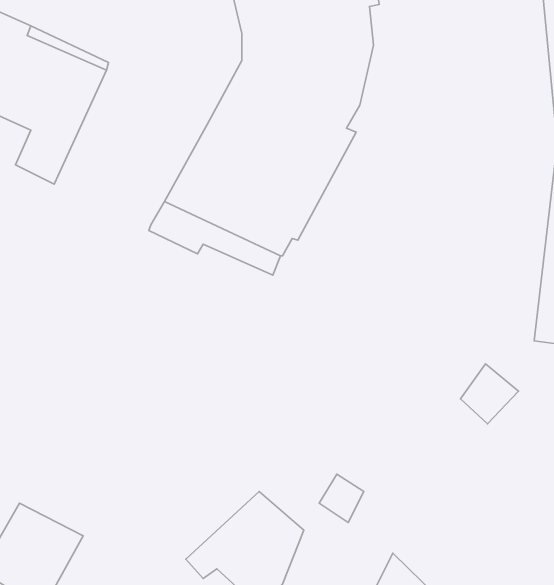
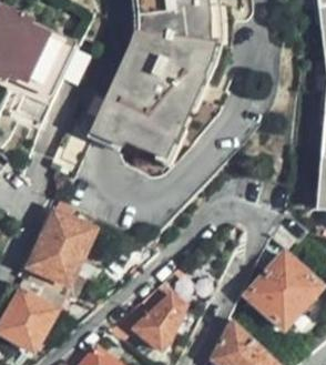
building: none -> [26,211,91,285]
building: none -> [245,253,316,327]

